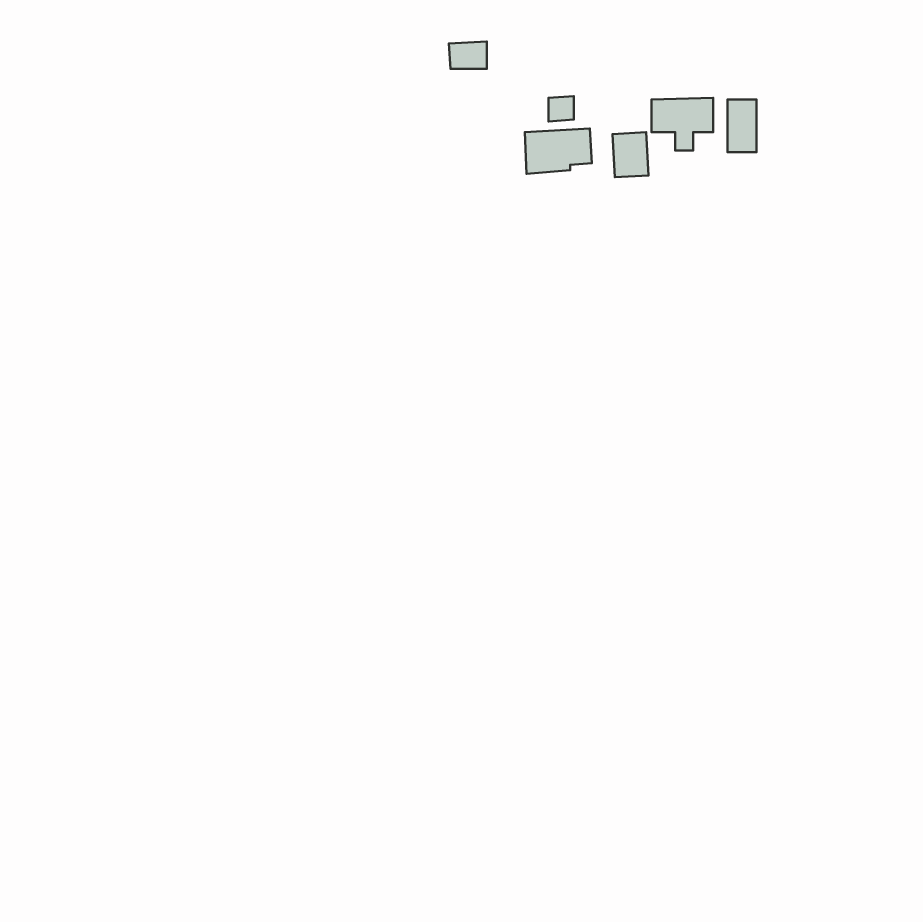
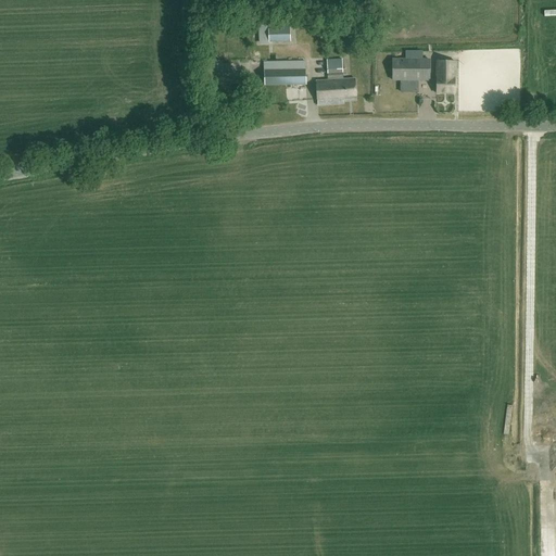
building: none -> [263,59,305,84]
building: [612,132,649,177] -> none

